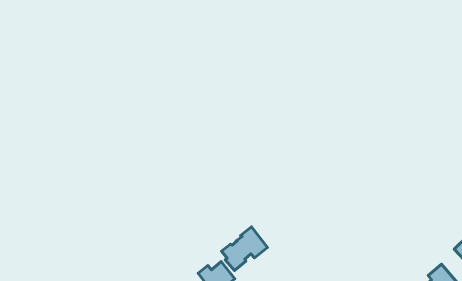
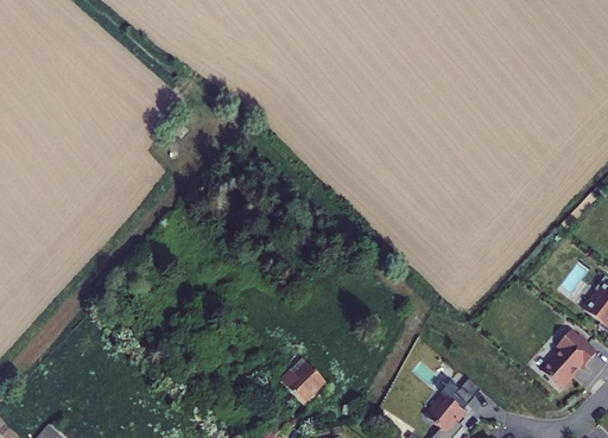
building: [221,227,267,271] -> none

